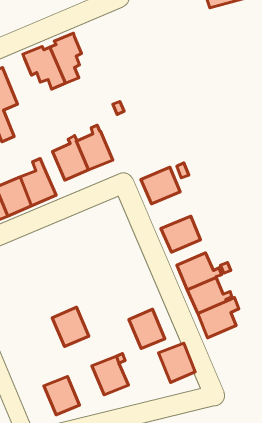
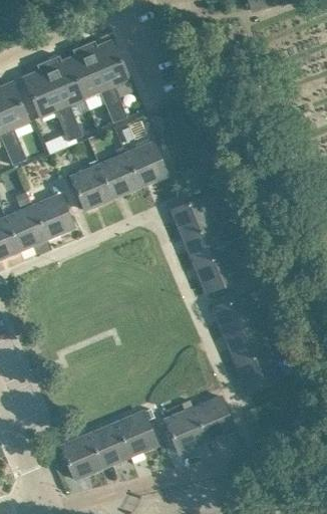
building: none -> [95,38,130,122]
building: none -> [22,70,82,142]
building: none -> [125,135,168,187]
building: none -> [184,223,235,265]
building: [52,307,89,347] -> [87,423,129,468]
building: [129,309,165,349] -> [165,408,206,453]

